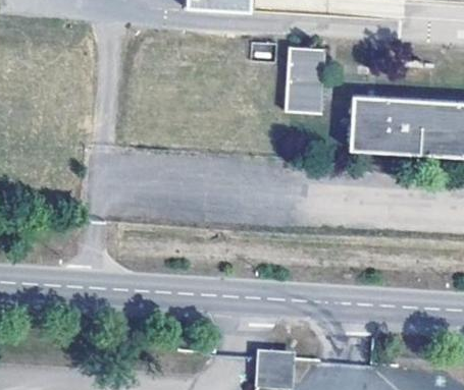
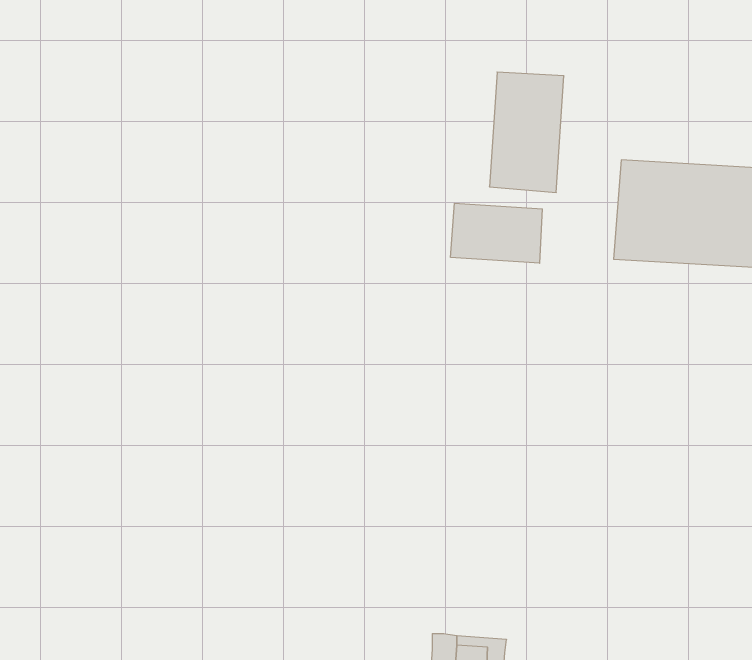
building: none -> [451,203,542,263]

